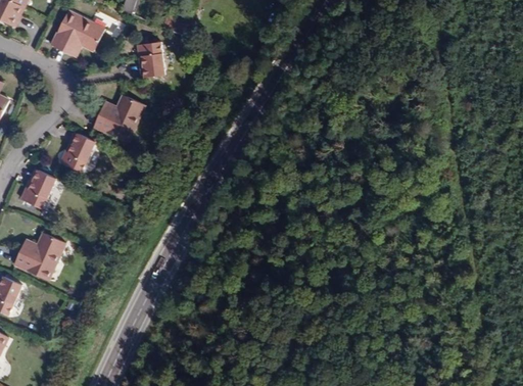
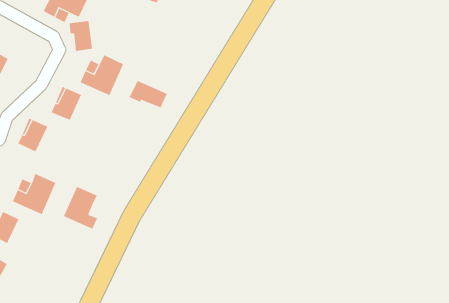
building: [137,41,164,77] -> [69,21,93,51]
building: none -> [129,80,167,108]
building: none -> [63,186,98,229]

